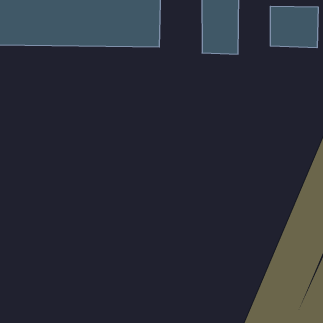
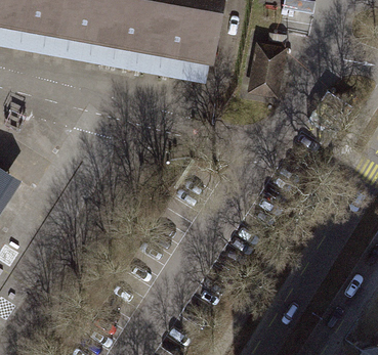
building: [270,6,318,48] -> none

